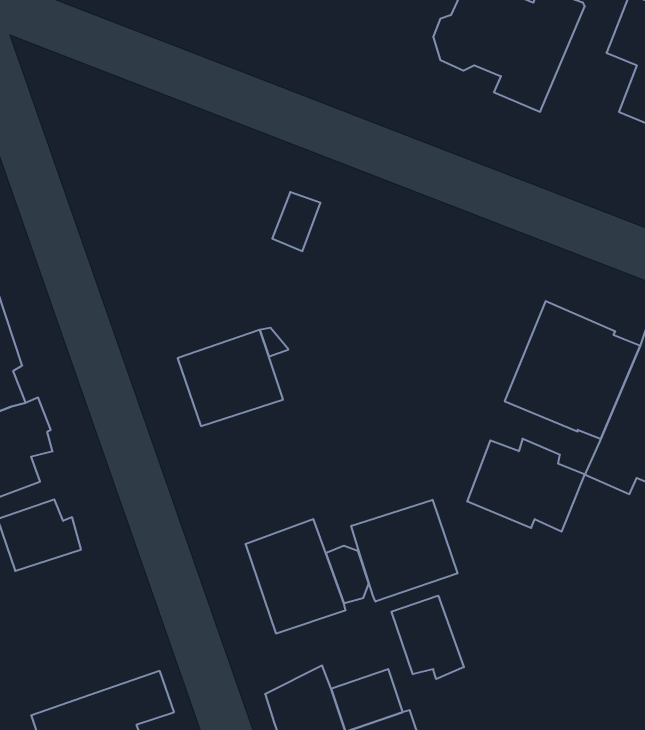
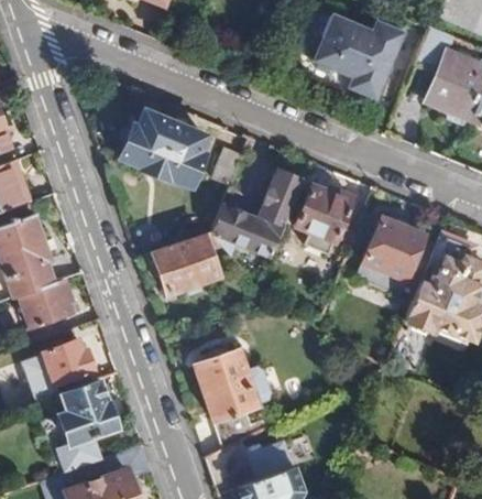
building: none -> [118,111,205,188]
building: none -> [211,170,304,257]
building: [467,439,585,532] -> [295,187,368,245]
building: [351,500,458,602] -> none
building: none -> [52,379,113,475]
building: [391,596,464,679] -> none

